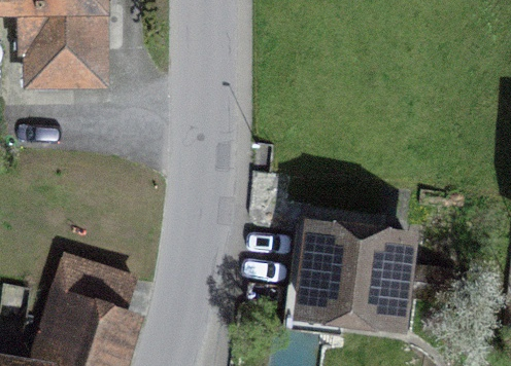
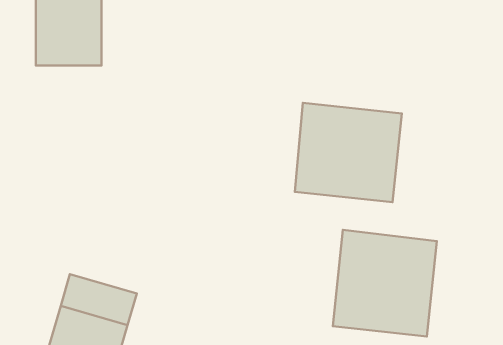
building: none -> [295,103,402,202]

